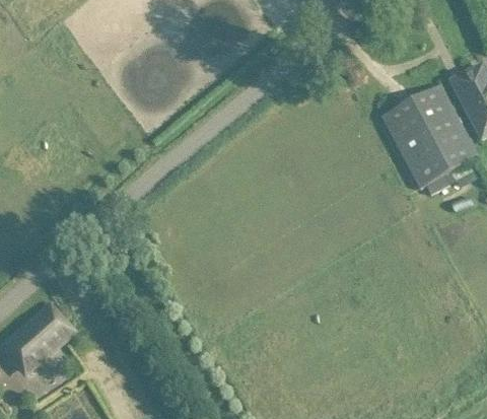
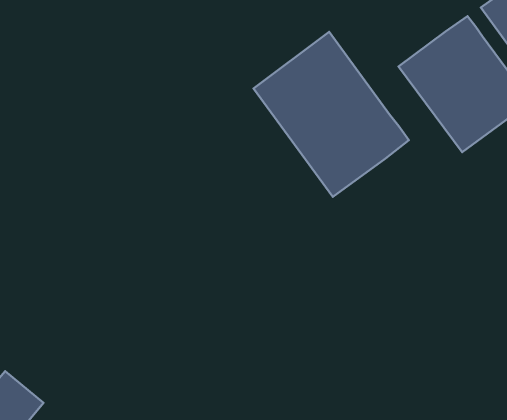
building: none -> [253,32,409,197]

